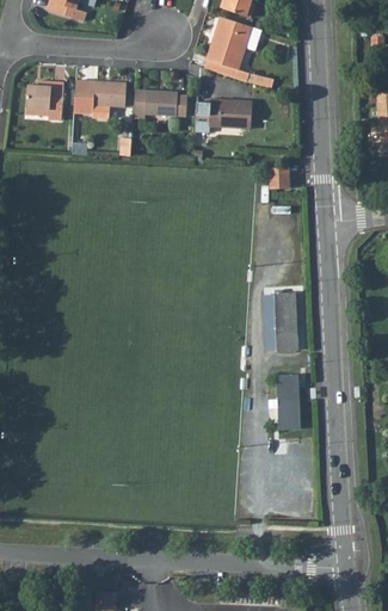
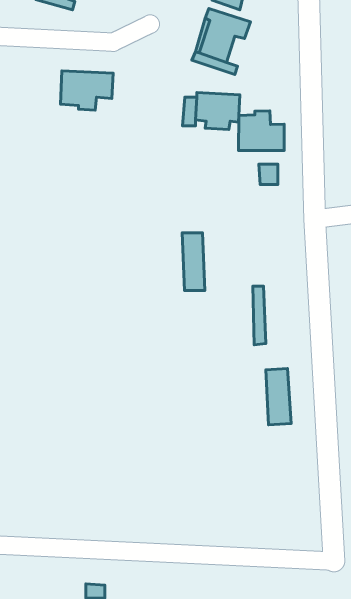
building: [24,80,61,119] -> none
building: [131,87,185,117] -> none
building: none -> [239,111,284,151]
building: [275,292,297,350] -> [182,233,205,290]

